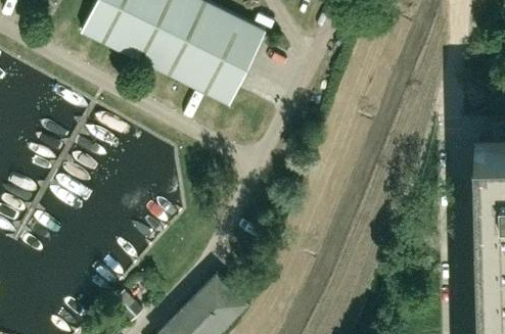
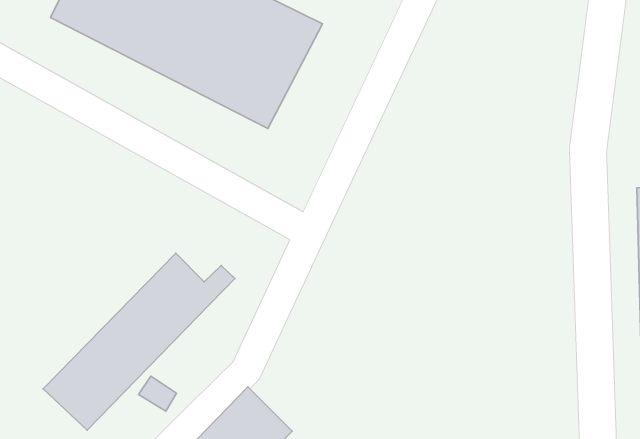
building: none -> [43,253,235,430]

